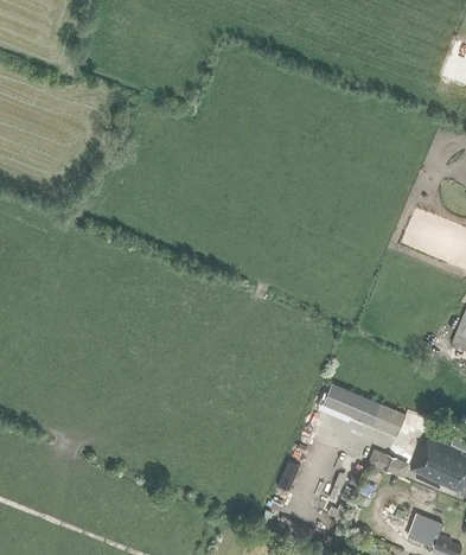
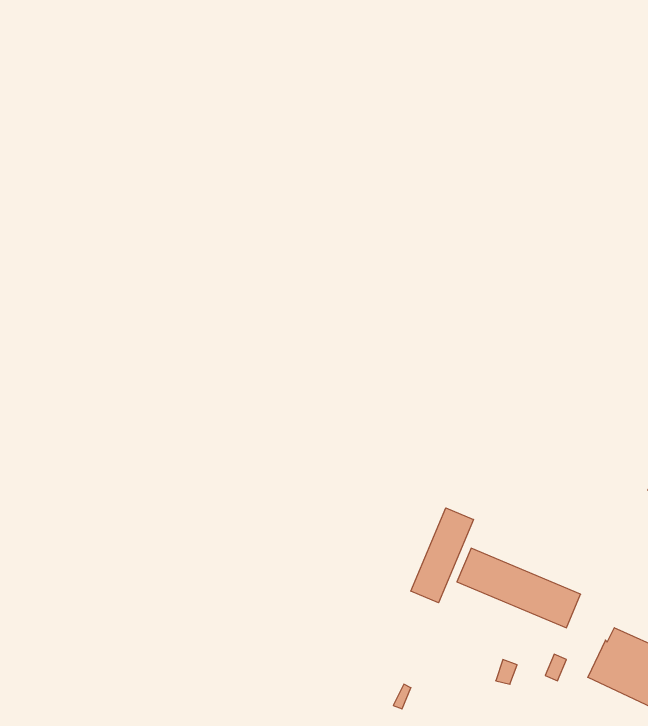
building: none -> [411,508,473,603]

